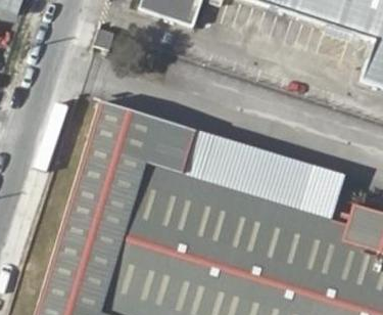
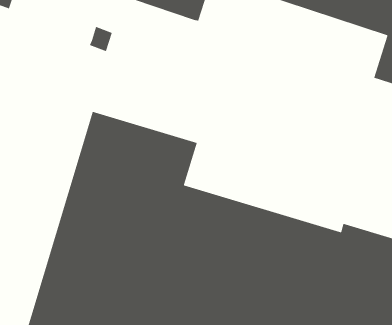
building: [184,134,340,218] -> none

